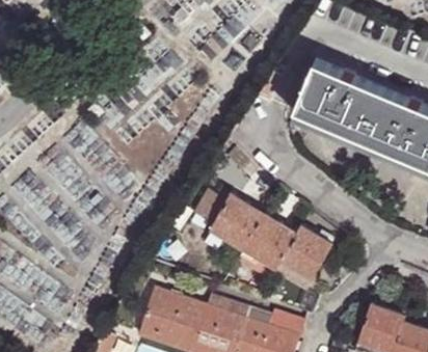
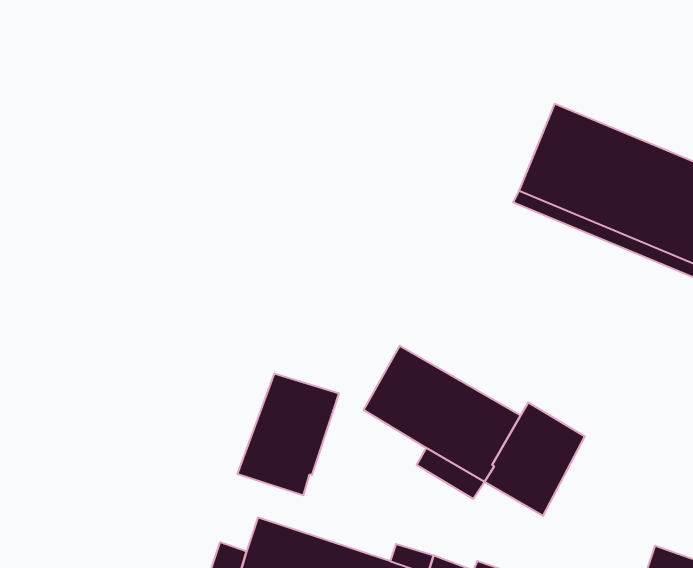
building: none -> [237,373,339,495]

